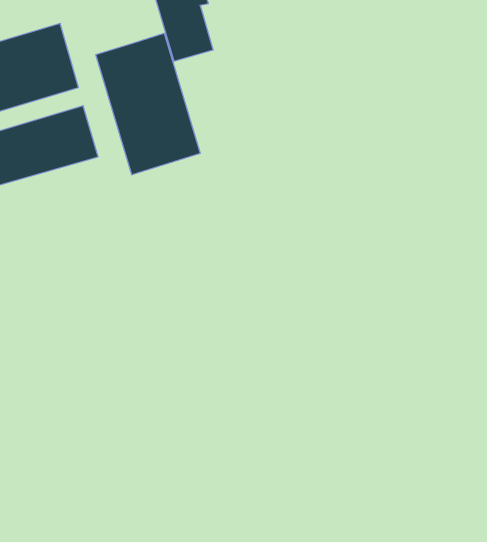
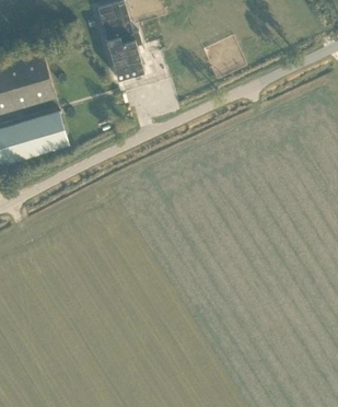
building: [96,33,200,175] -> none

